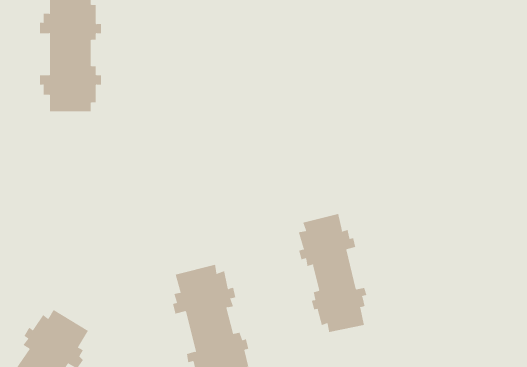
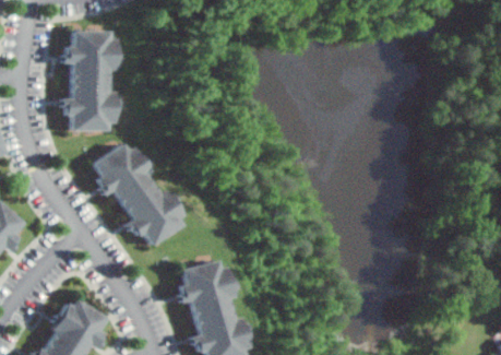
building: none -> [95,144,181,246]
building: [298,213,367,333] -> none

